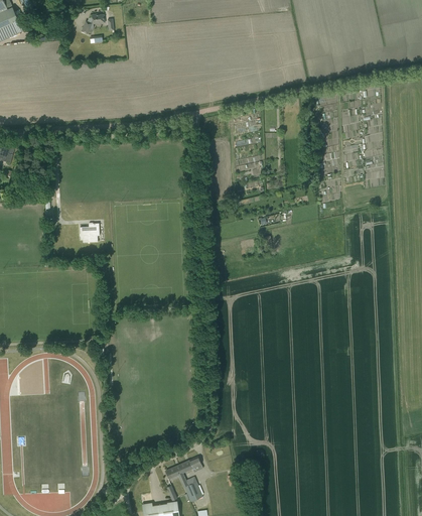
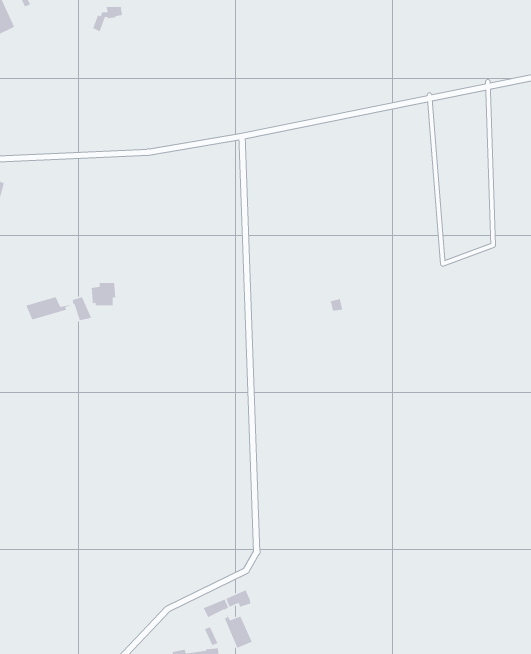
building: none -> [25,296,92,321]

